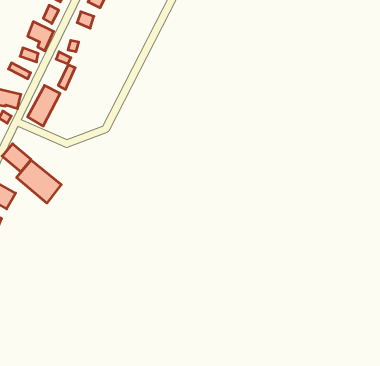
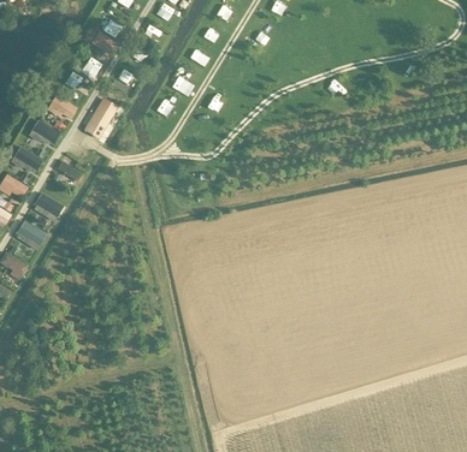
building: [17,160,61,203] -> none

